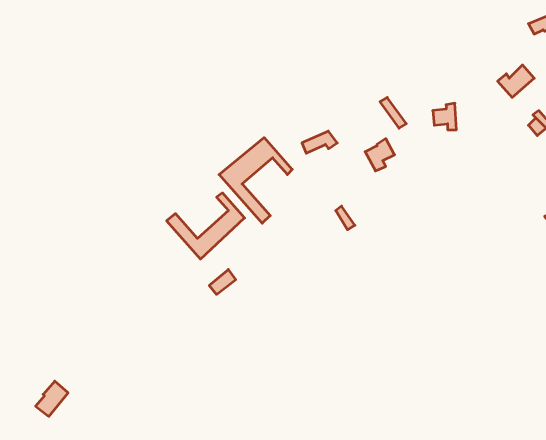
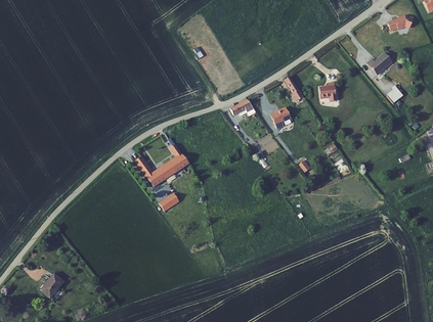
building: [219,138,292,223] -> none

